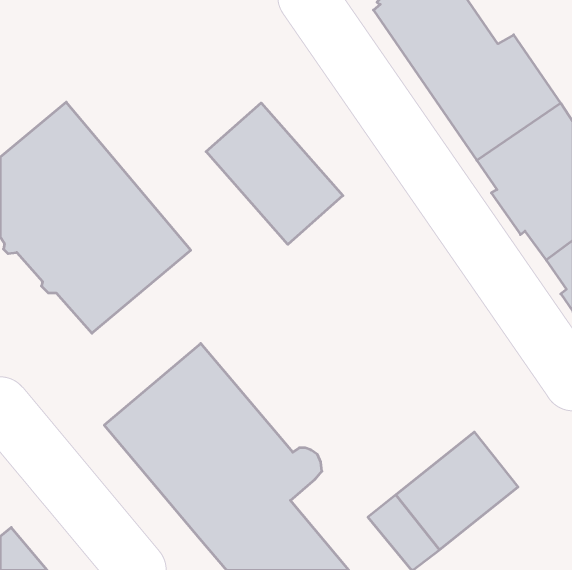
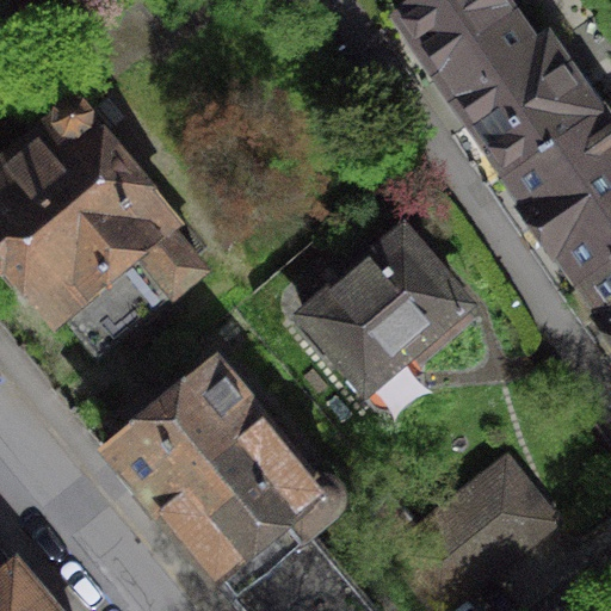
building: [206,103,343,244] -> none
building: none -> [304,230,474,383]

